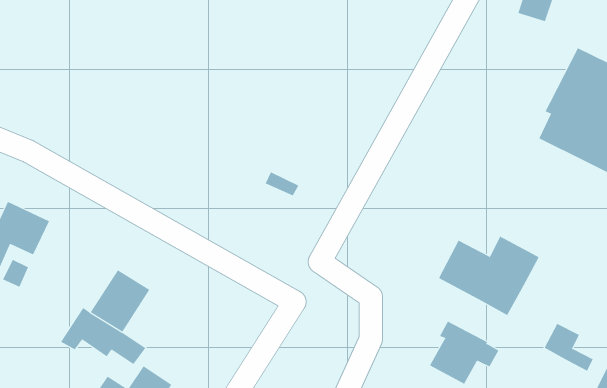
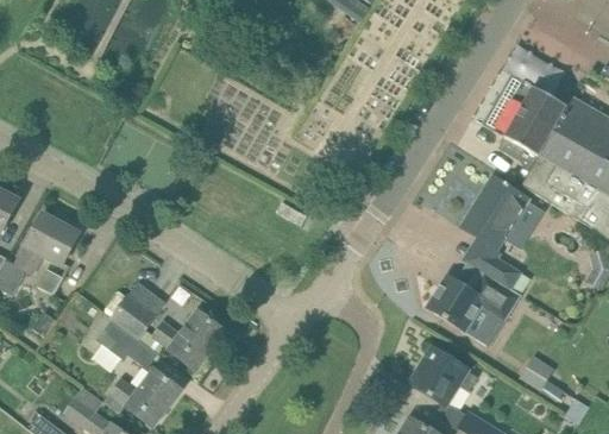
building: none -> [504,86,567,155]
building: none -> [460,178,542,288]
building: none -> [151,310,224,369]

